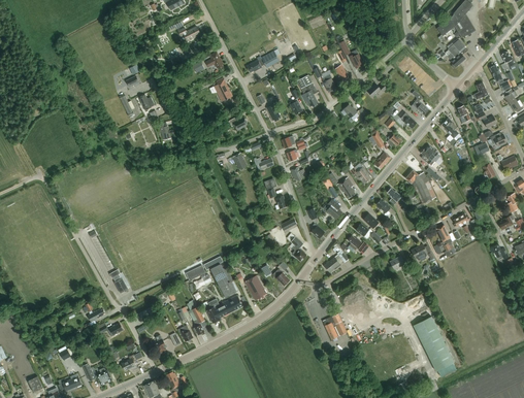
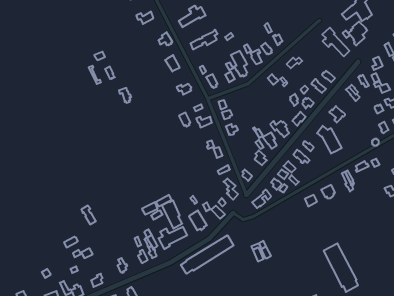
building: none -> [179,6,206,27]
building: none -> [322,28,349,56]
building: none -> [181,235,234,274]

